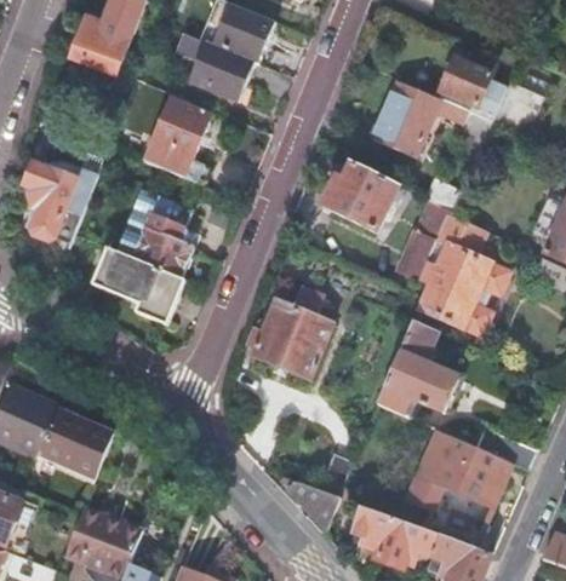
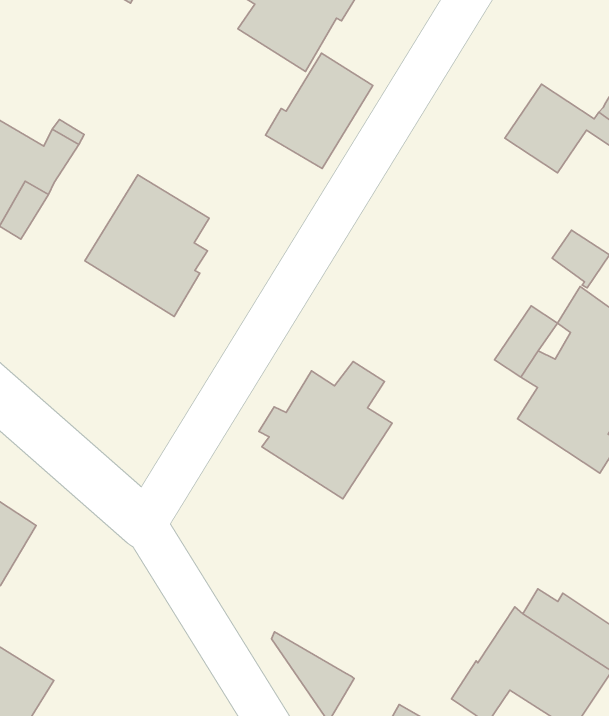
building: [142,100,207,177] -> [266,53,373,169]
building: [321,161,396,230] -> none
building: [91,248,184,324] -> none
building: [377,320,456,418] -> none

